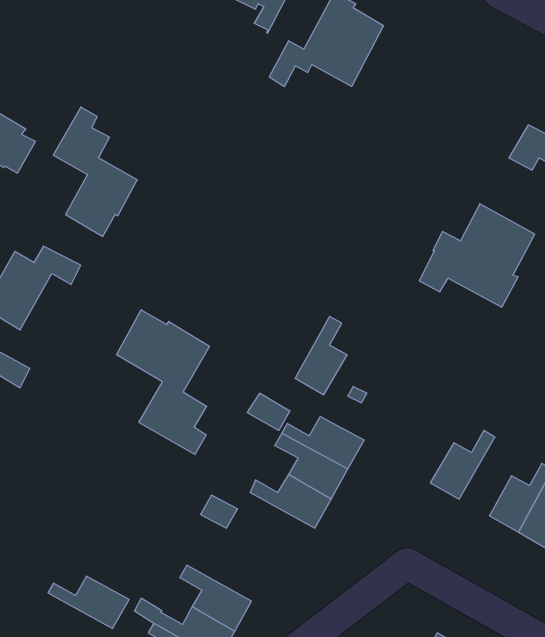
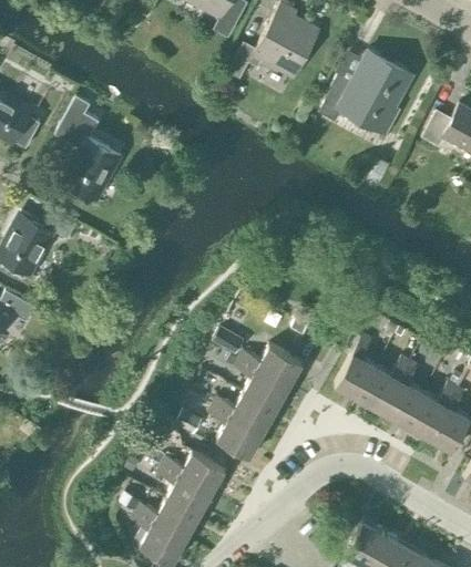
building: [419,204,535,307] -> [319,51,412,134]
building: [117,310,209,455] -> none
building: [295,316,347,395] -> [335,336,377,399]
building: none -> [381,362,423,425]
building: none -> [208,406,265,458]
building: [48,576,129,629] -> [162,452,227,494]

